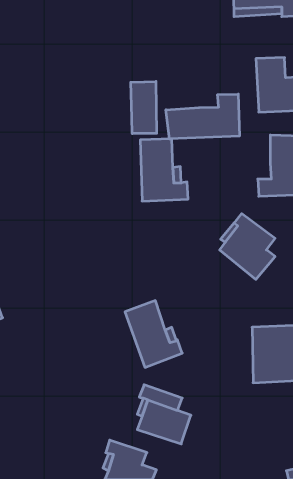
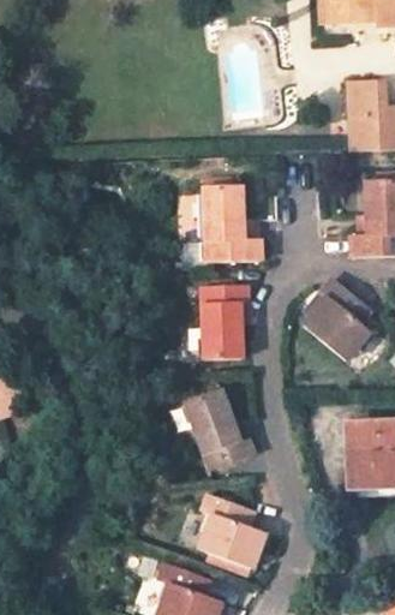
building: [131,81,157,134] -> none
building: [166,94,239,139] -> none
building: none -> [201,282,249,359]

